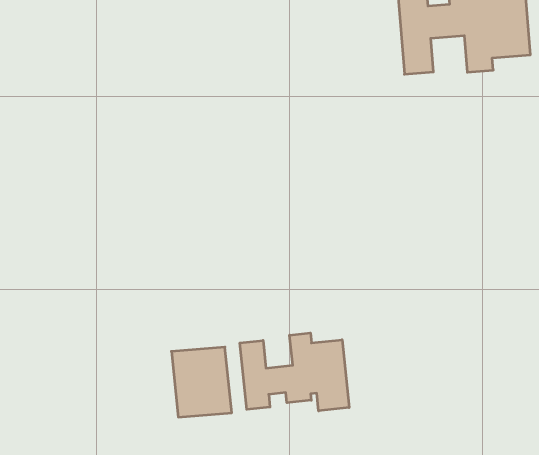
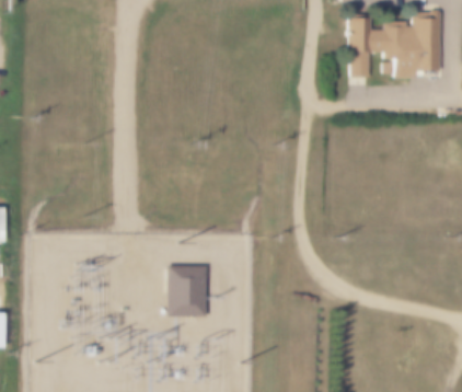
building: [240,333,349,411] -> none

